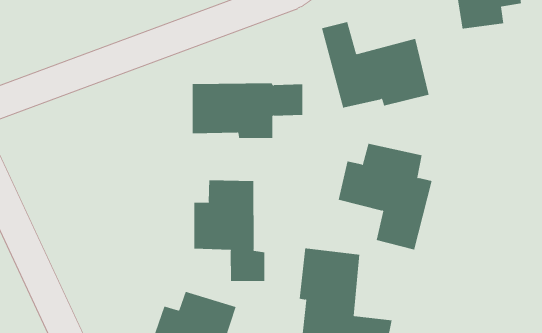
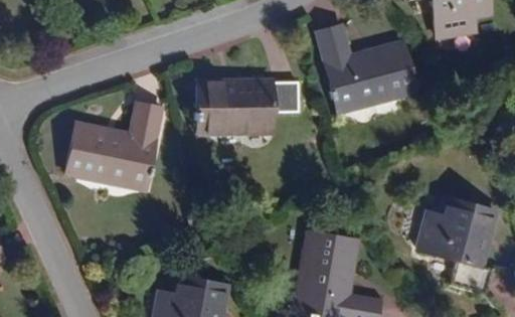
building: none -> [72,102,168,182]
building: [338,143,433,250] -> [418,198,504,295]
building: [194,179,265,282] -> none

